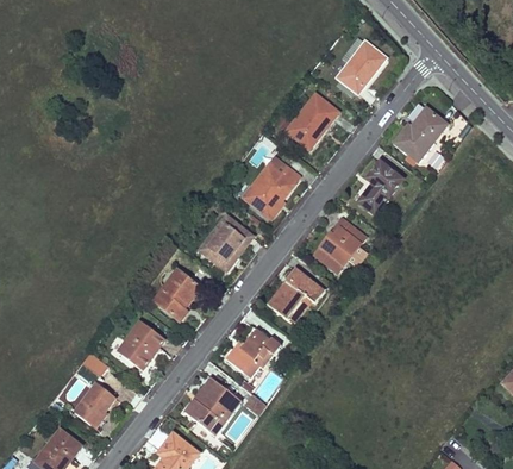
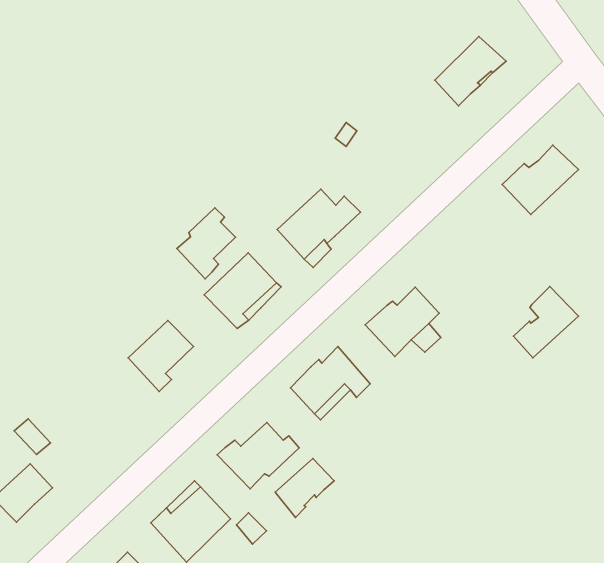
building: [287,93,338,146] -> none
building: [359,162,402,213] -> [514,286,578,358]
building: none -> [177,208,235,279]
building: [118,320,163,368] -> none
building: none -> [275,459,334,517]

